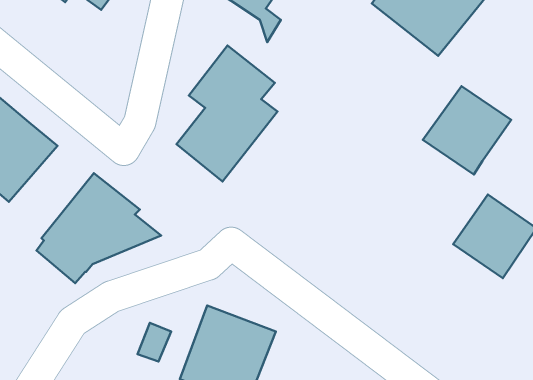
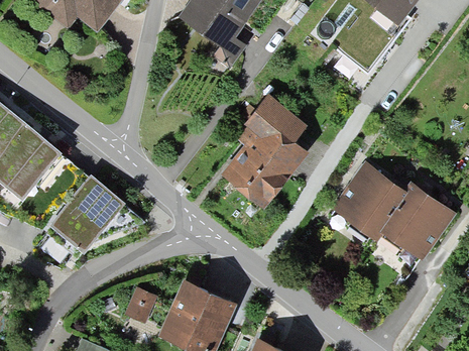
building: [176,46,277,182] -> [226,94,308,204]
building: [423,86,511,175] -> [333,166,404,238]

